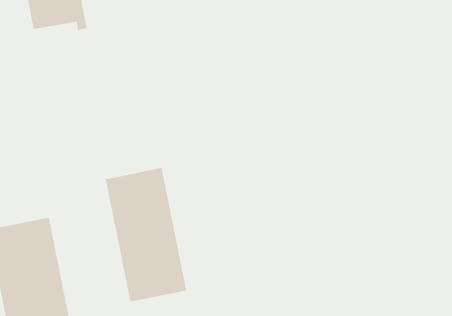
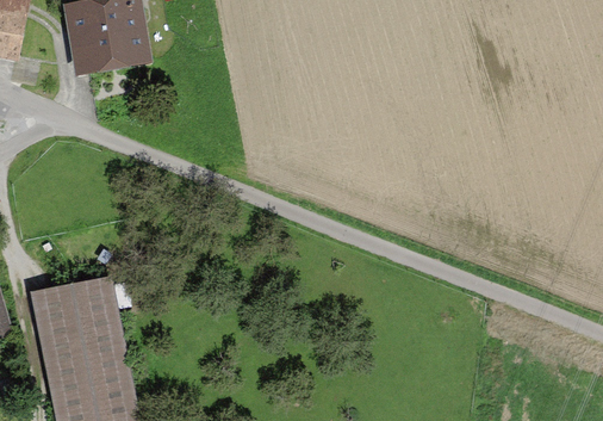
building: [105,167,187,303] -> none

